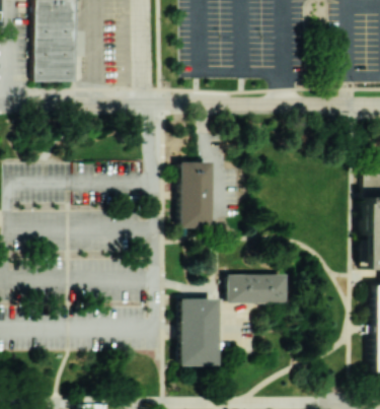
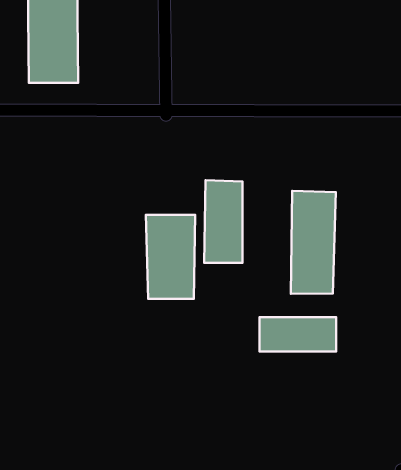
building: none -> [291,191,336,294]
building: [178,297,219,366] -> [146,215,195,299]

